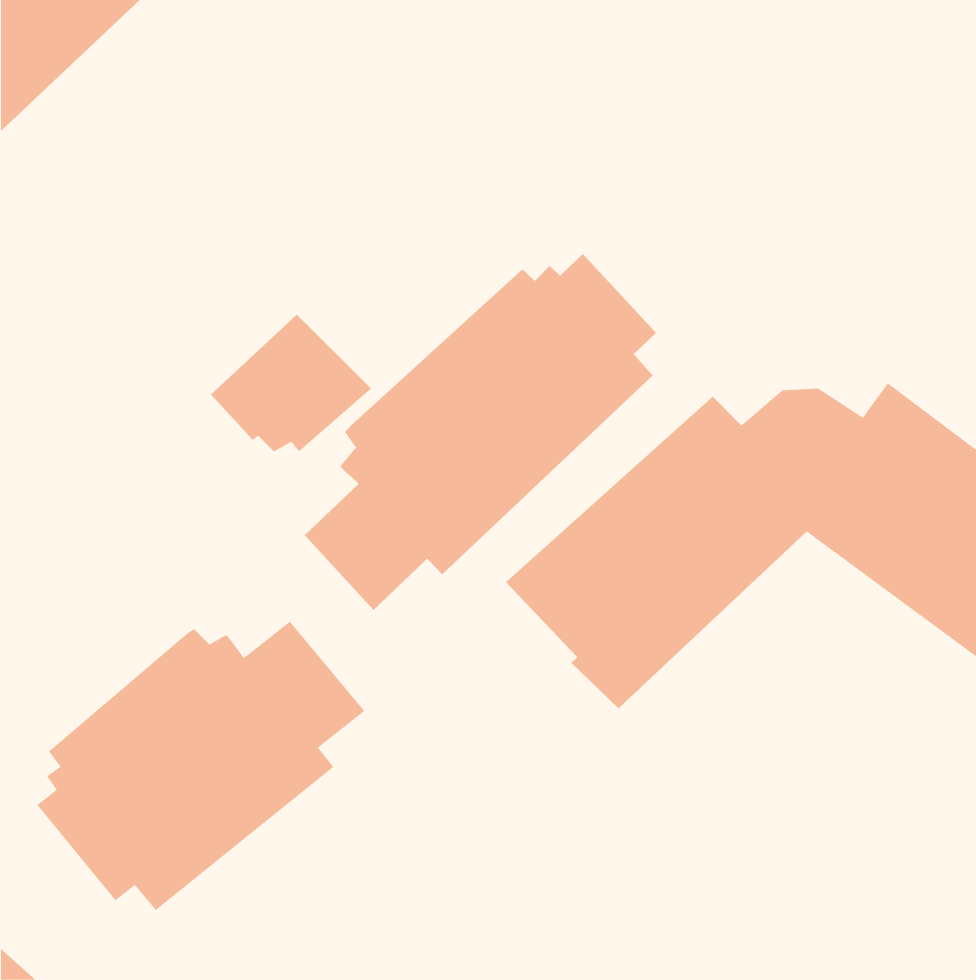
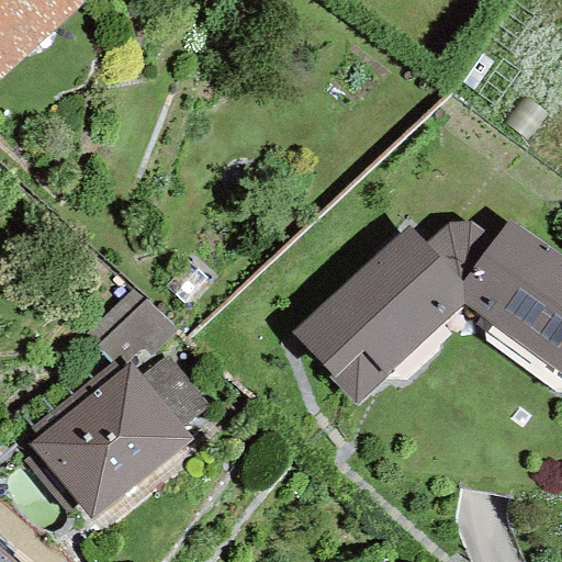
building: [304,253,657,611] -> none
building: [210,314,372,452] -> [87,289,179,368]

